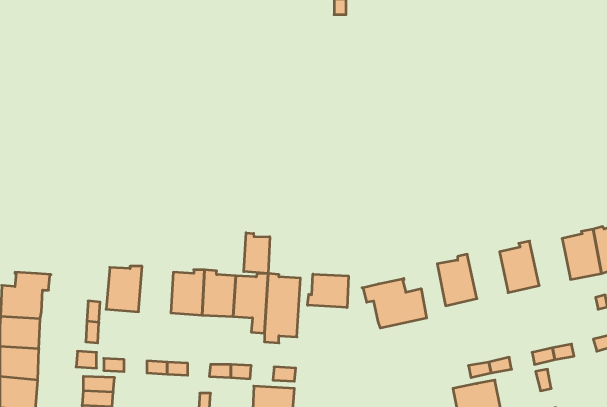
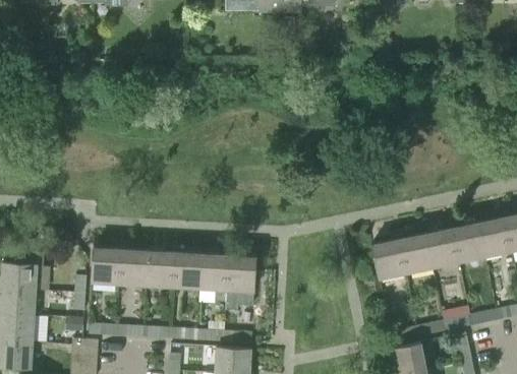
building: [244,233,270,273] -> none
building: none -> [450,223,484,262]
building: none -> [397,234,432,273]
building: none -> [118,246,148,286]
building: [308,274,348,308] -> none
building: [362,278,427,328] -> none

